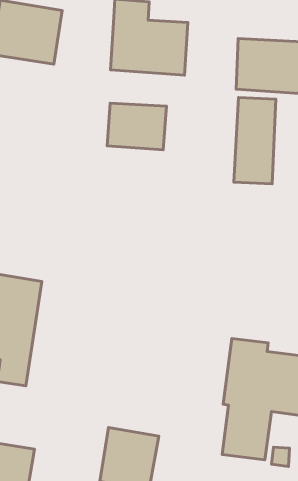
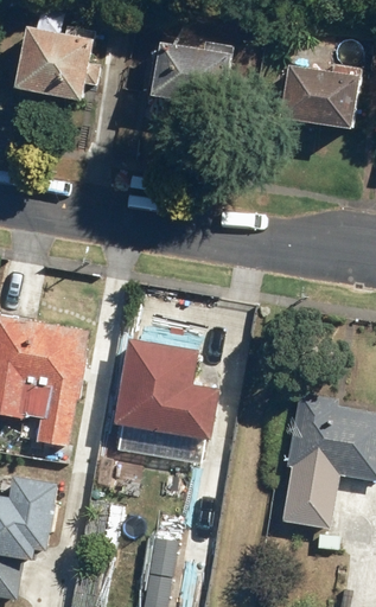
building: [234,97,276,184] -> none
building: [107,103,166,150] -> none
building: none -> [109,339,216,441]

